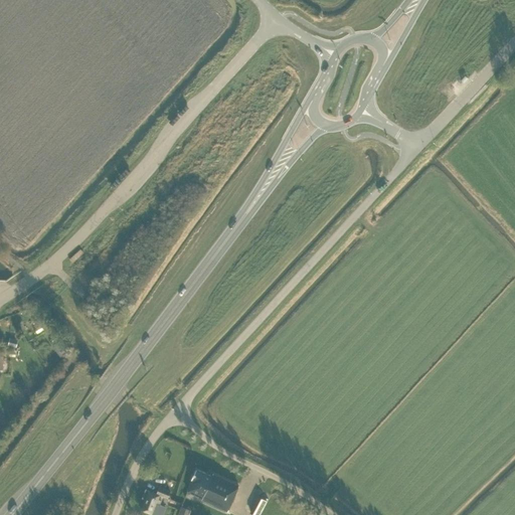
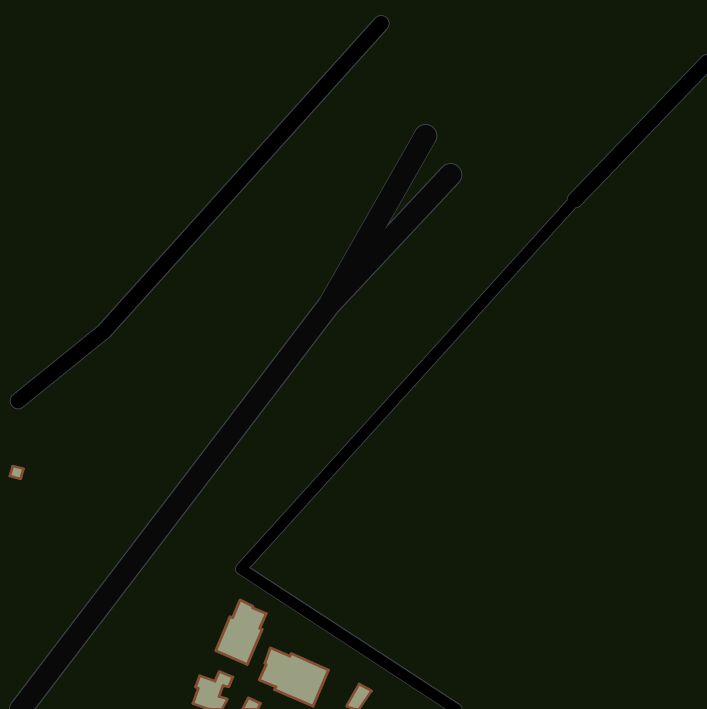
building: none -> [216,600,266,665]

